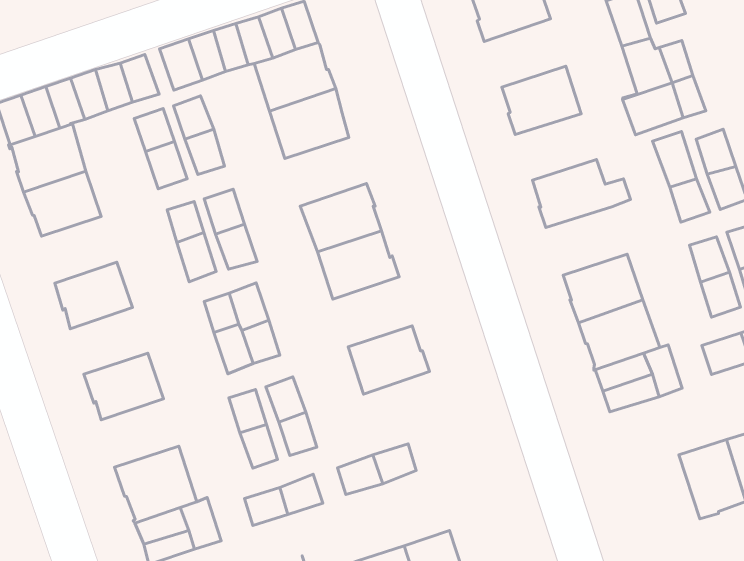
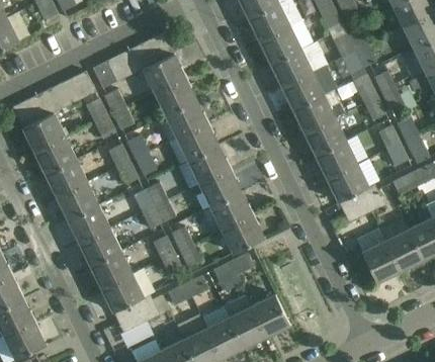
building: none -> [258,24,301,63]
building: none -> [280,71,324,108]
building: none -> [164,99,207,138]
building: none -> [302,116,346,155]
building: none -> [45,157,85,194]
building: none -> [198,167,241,206]
building: none -> [66,201,107,239]
building: none -> [221,213,264,253]
building: none -> [88,246,129,284]
building: none -> [355,225,402,282]

